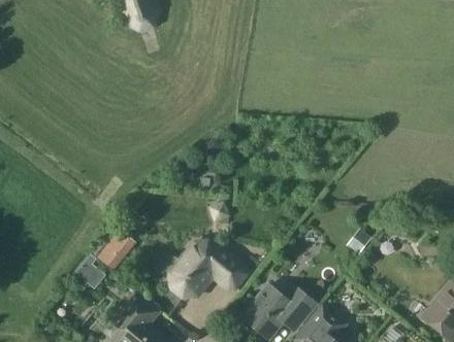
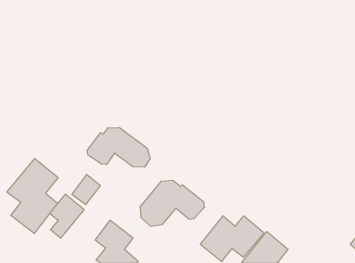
building: none -> [87,127,150,167]
building: none -> [7,158,58,234]

